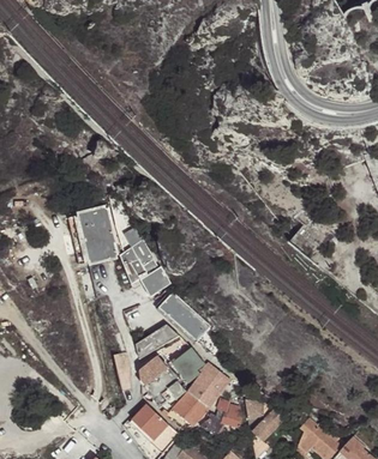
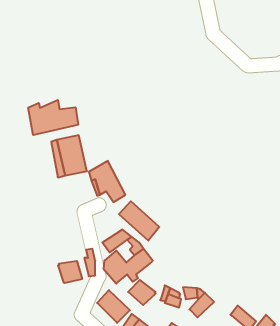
building: none -> [28,100,78,135]
building: [187,366,226,406] -> none
building: none -> [58,261,82,283]

